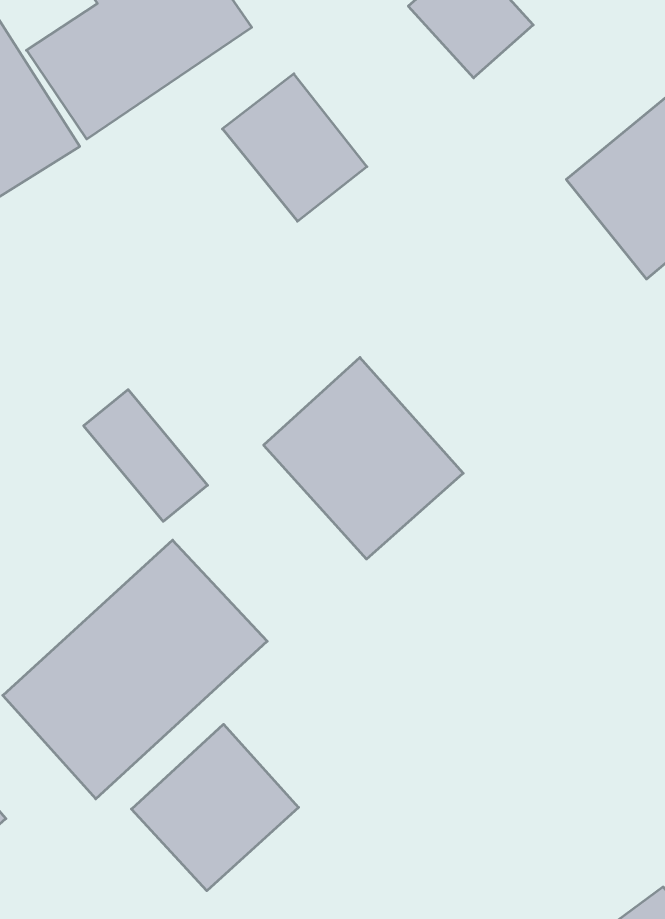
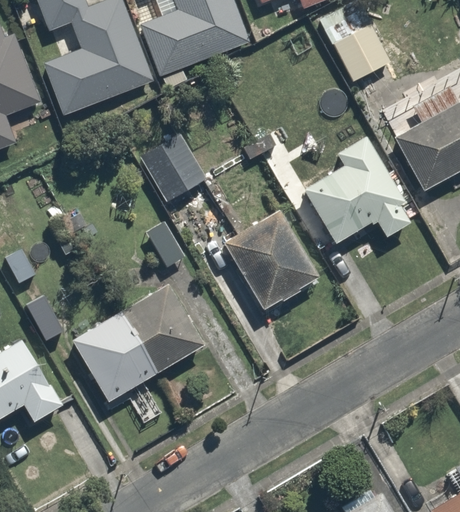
building: [222,74,367,221] -> [138,125,206,198]
building: none -> [303,138,415,242]
building: [131,724,299,891] -> none

